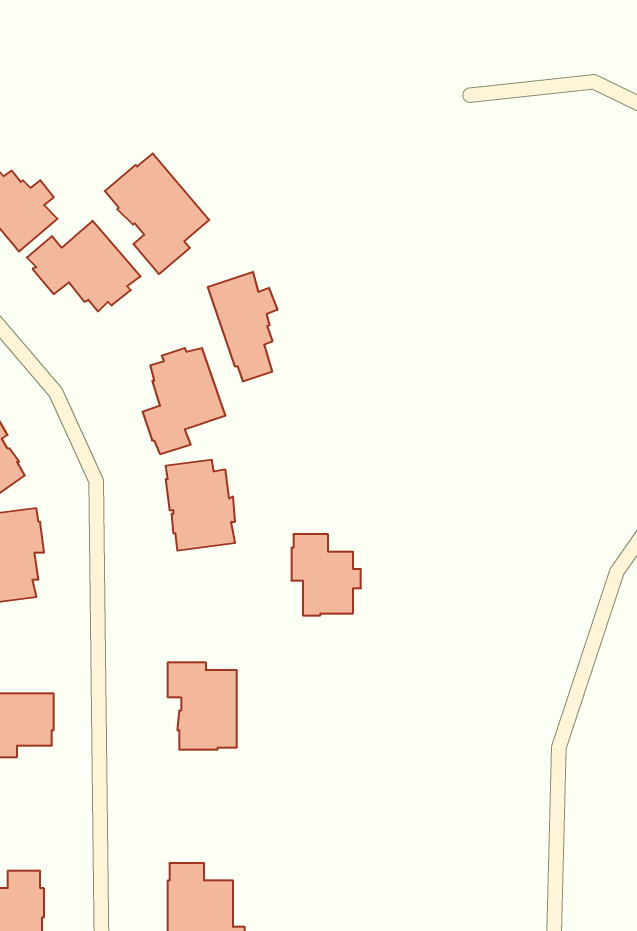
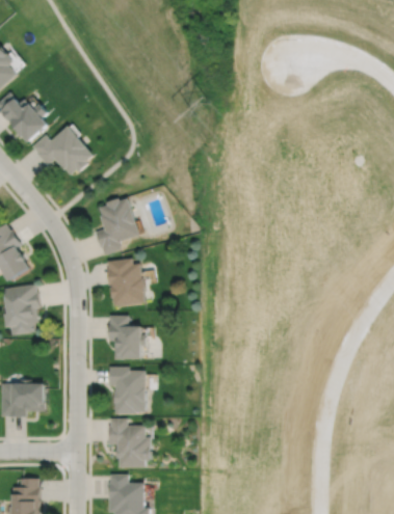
building: [105,153,209,274] -> none
building: [208,272,277,382] -> none
building: [291,534,361,615] -> [108,316,146,359]
building: none -> [107,418,150,467]

